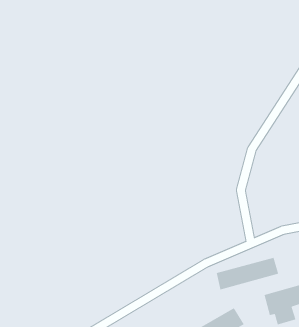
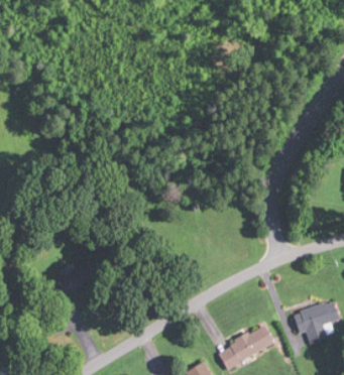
building: [216,257,279,291] -> none

